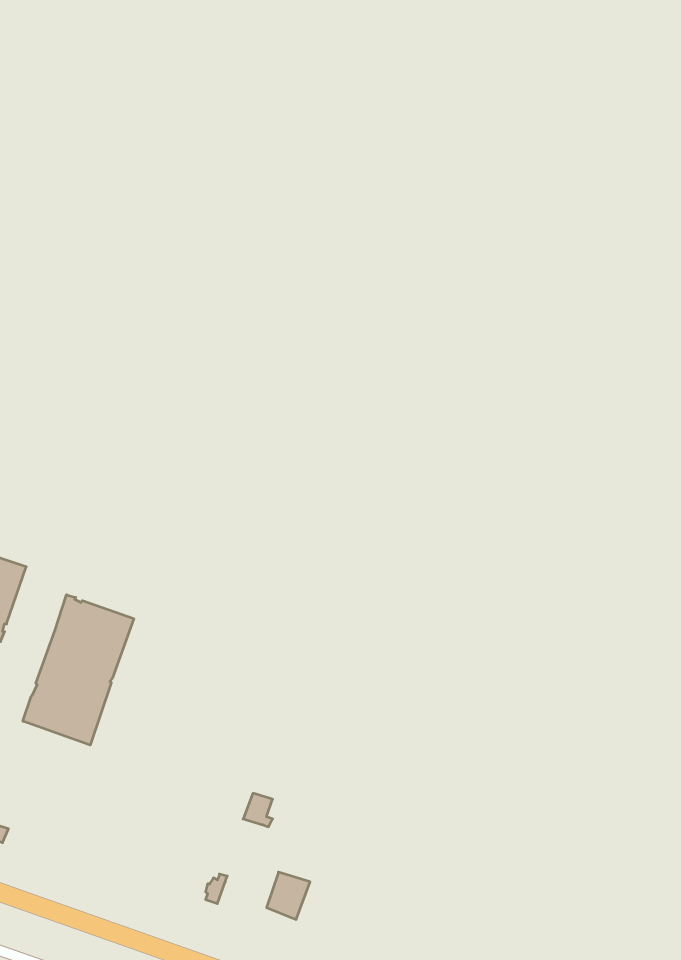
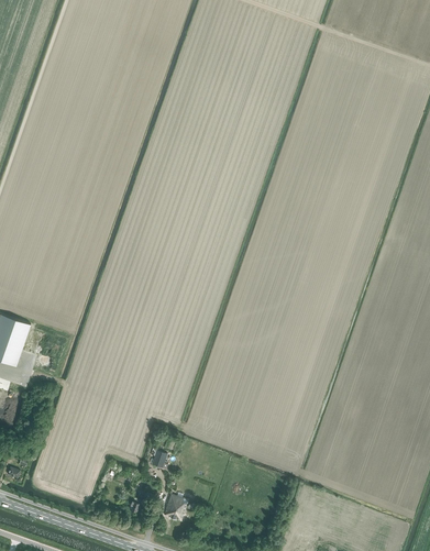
building: [23,595,134,745] -> none

